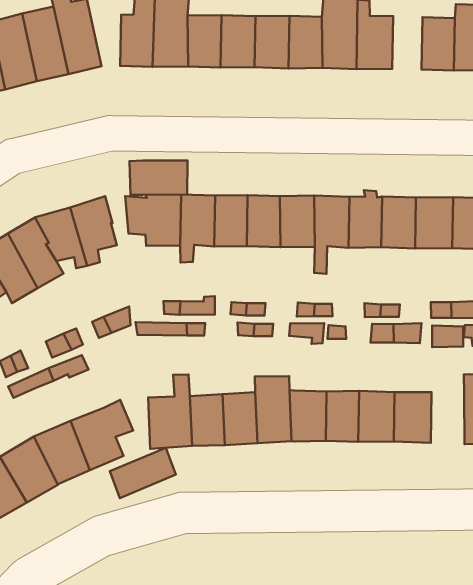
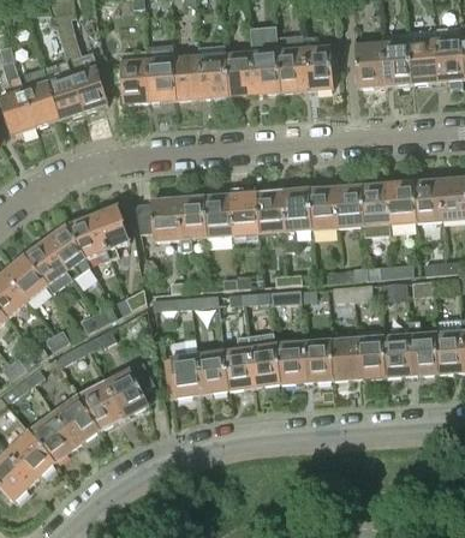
building: [129,160,187,195] -> none
building: none -> [384,335,413,376]
building: [110,448,176,498] -> none

